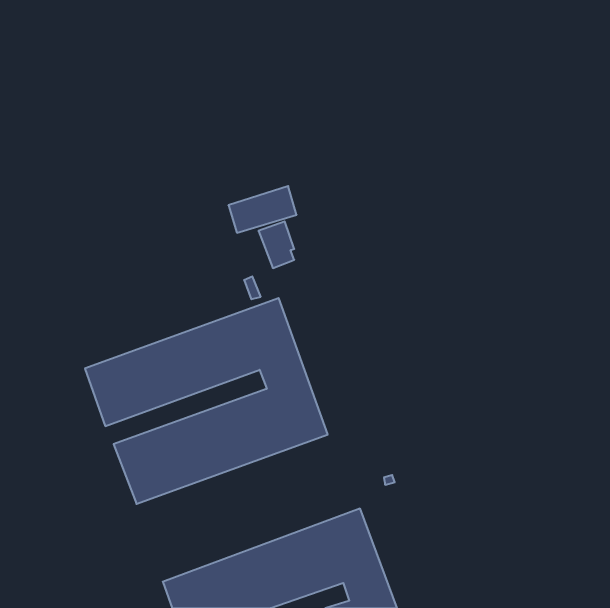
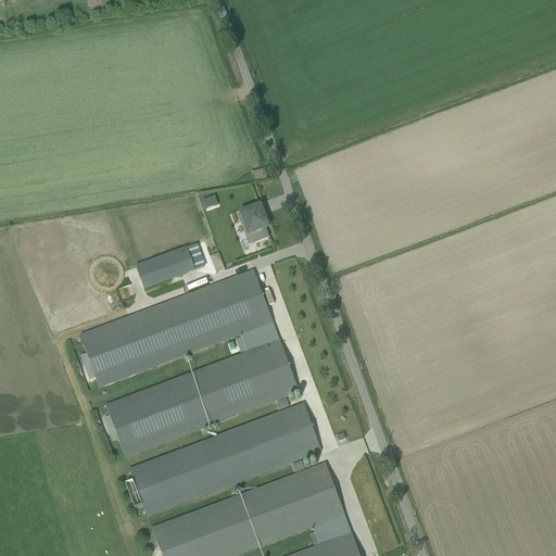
building: [228,186,297,233] -> [147,244,208,287]
building: none -> [128,403,320,516]

